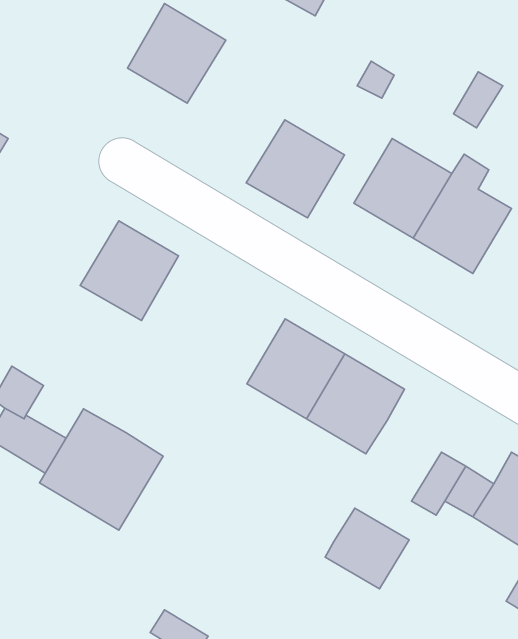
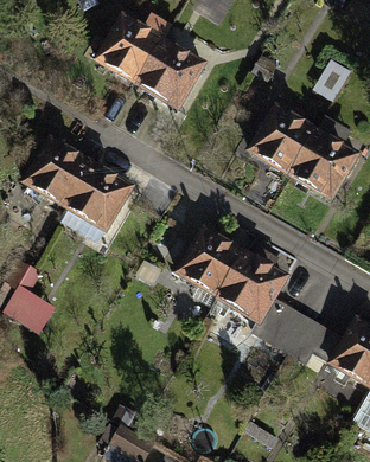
building: [246,120,344,218] -> [136,40,203,107]
building: none -> [24,139,90,206]
building: [39,409,163,530] -> none
building: [325,508,409,589] -> [251,297,308,352]

